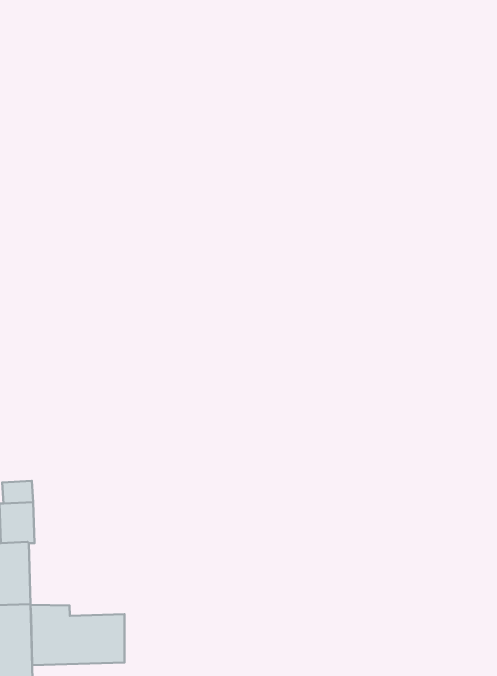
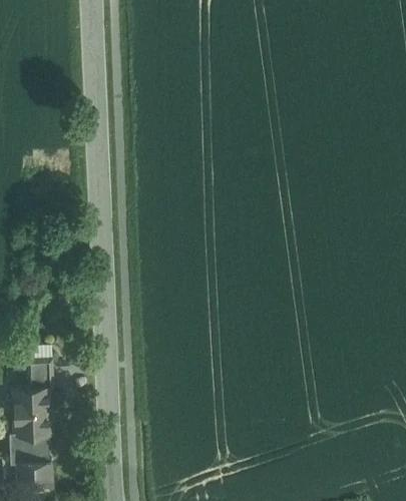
building: [30,605,124,665] -> none

